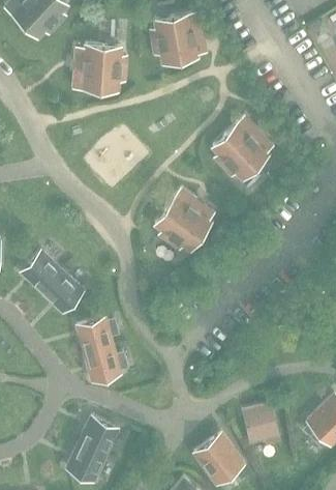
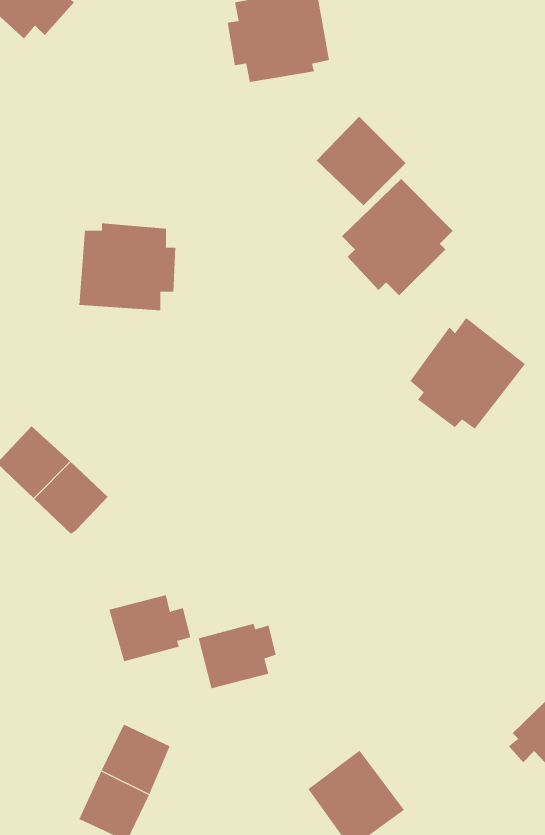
building: [72,44,126,92] -> [79,223,176,311]
building: none -> [316,116,406,206]
building: [154,191,218,253] -> [410,317,526,430]
building: [77,317,120,353] -> [198,623,277,689]
building: [243,404,280,444] -> none

